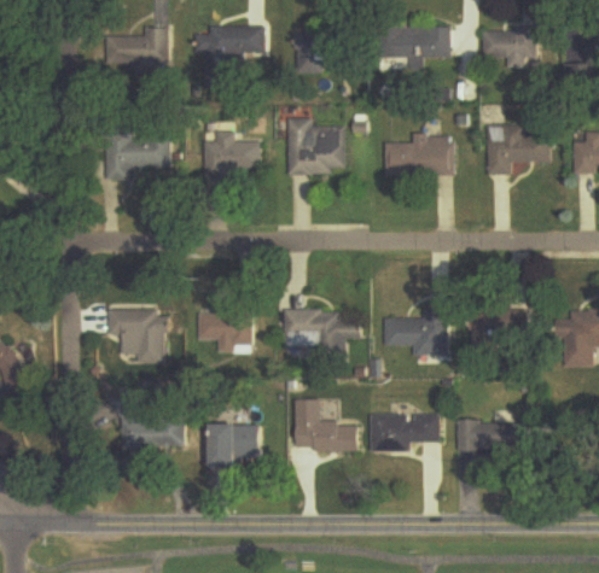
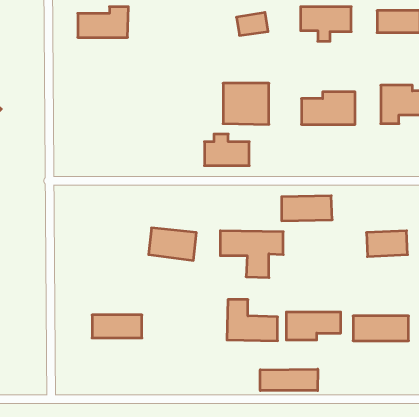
building: [193,27,264,69] -> none
building: [204,133,261,173] -> [204,134,249,166]
building: [106,136,171,179] -> none
building: [122,308,165,362] -> none
building: [383,317,447,349] -> [282,196,332,221]
building: [208,419,256,462] -> none
building: none -> [260,369,318,391]

